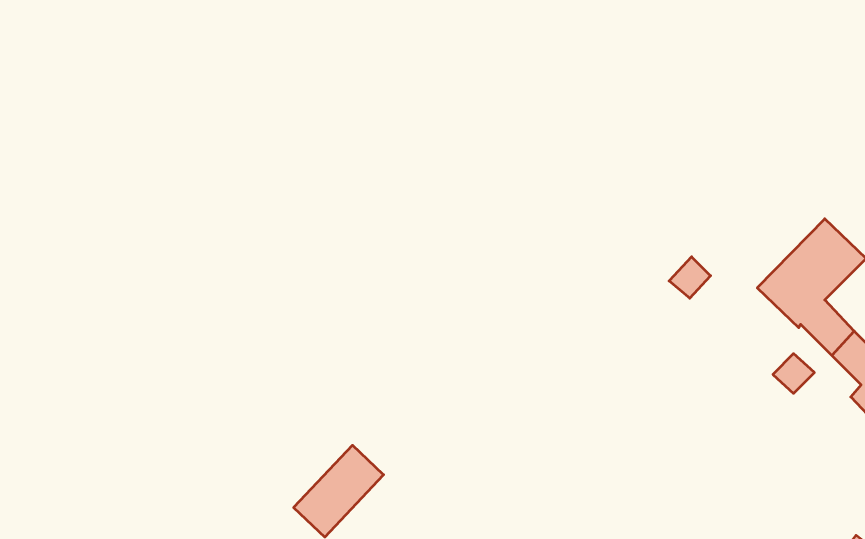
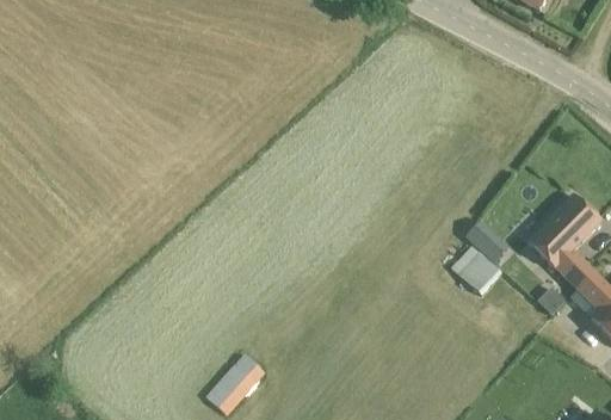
building: none -> [458,251,501,294]

